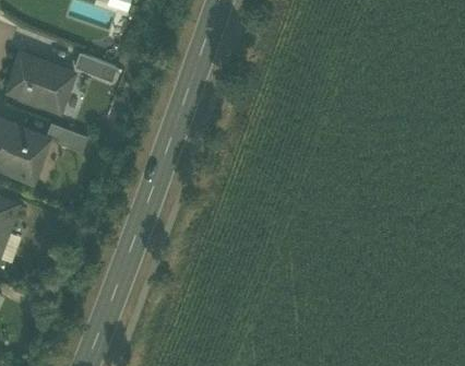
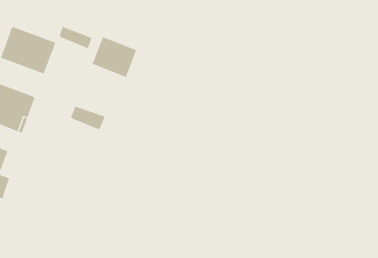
building: none -> [92,36,137,78]
building: [46,125,88,154] -> [70,106,105,130]

